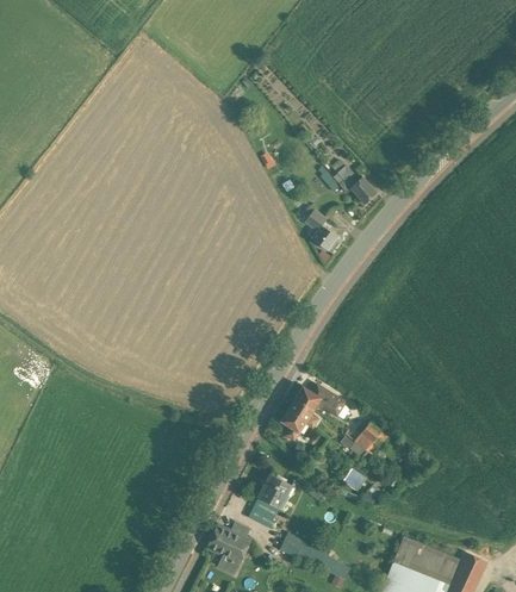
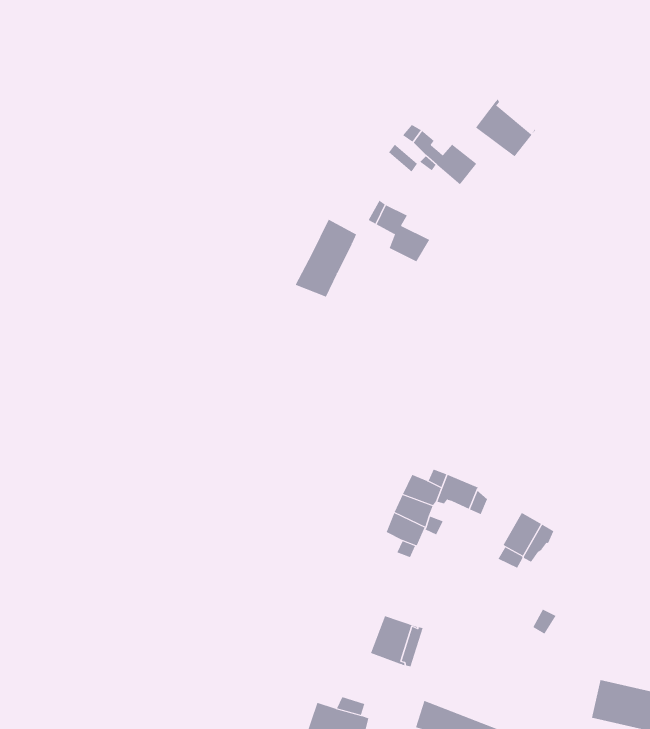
building: none -> [475,98,536,157]
building: none -> [295,219,357,297]
building: [249,497,278,529] -> none

